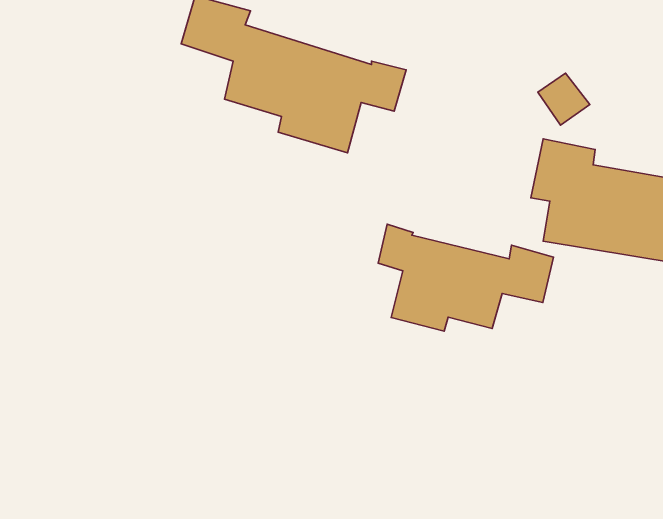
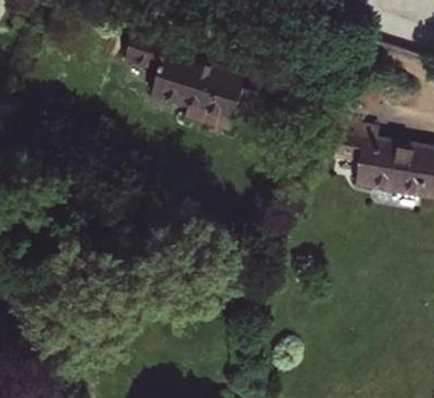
building: [378,224,554,331] -> none

